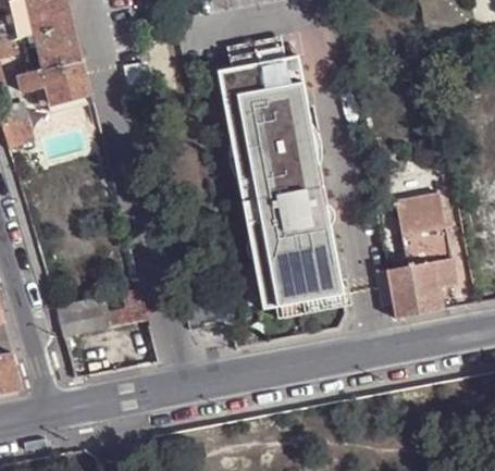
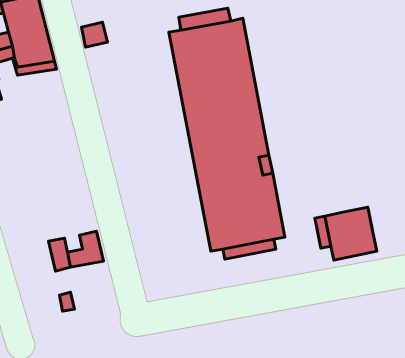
building: [393,193,454,287] -> none
building: [55,297,94,335] -> none

